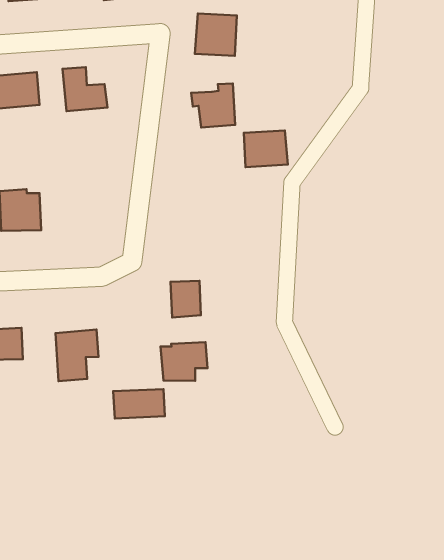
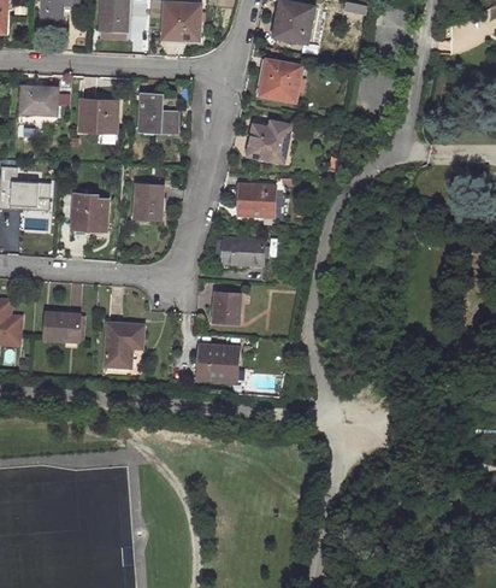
building: [244,131,288,167] -> [236,184,274,217]
building: none -> [132,184,163,220]
building: none -> [222,239,262,265]
building: [113,389,165,418] -> none

